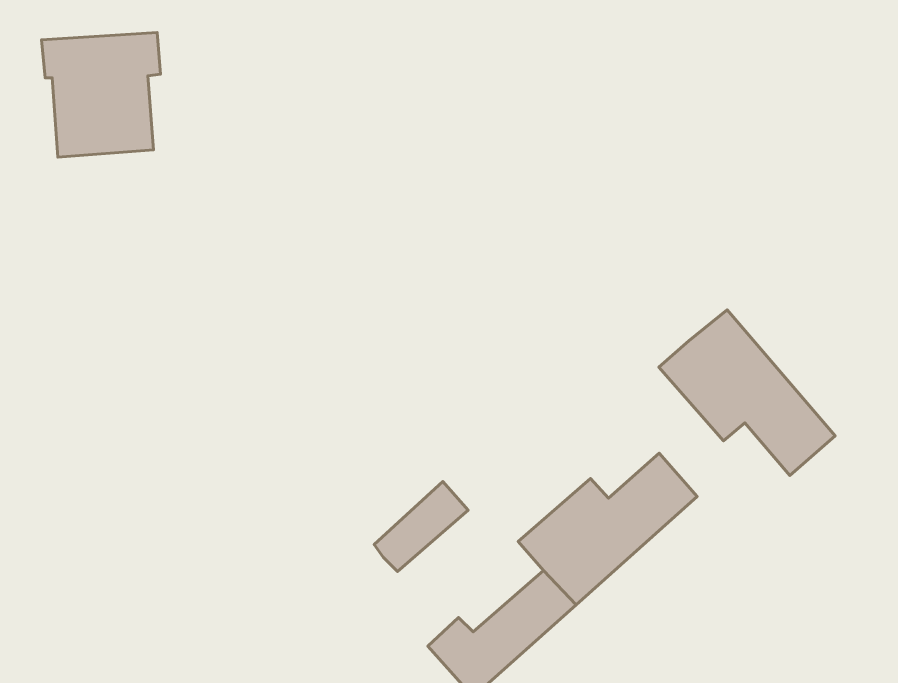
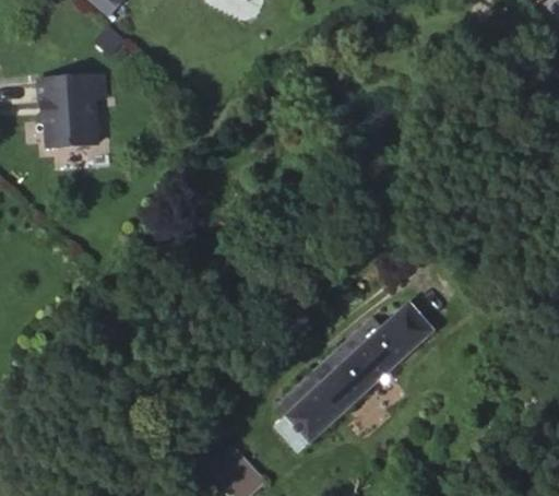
building: [659,310,835,475] -> none
building: [374,481,468,572] -> [276,368,333,423]

